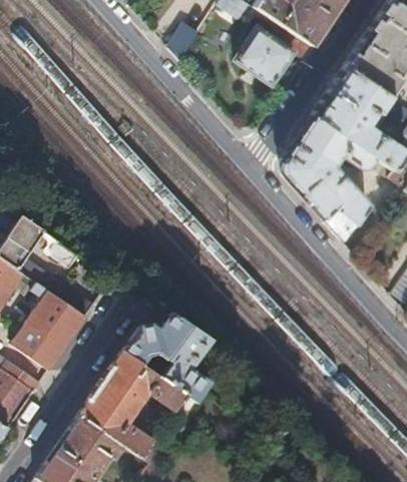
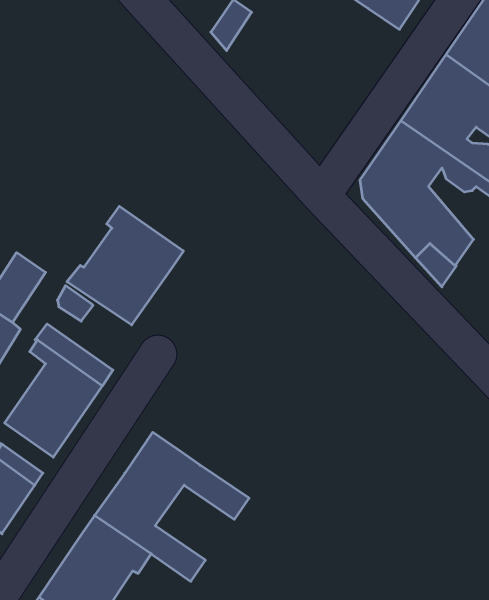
building: [237,27,313,85] -> none
building: none -> [67,206,183,325]
building: [125,311,213,401] -> none

